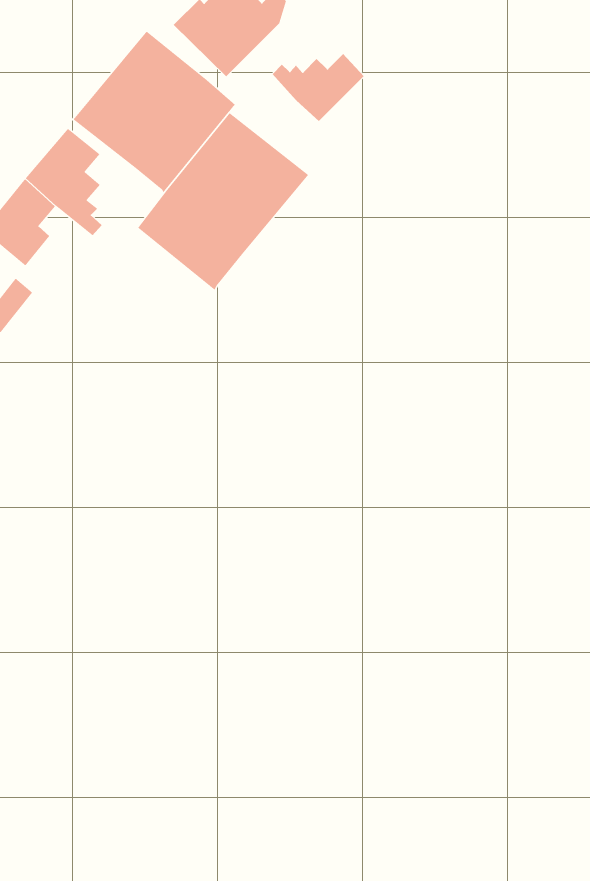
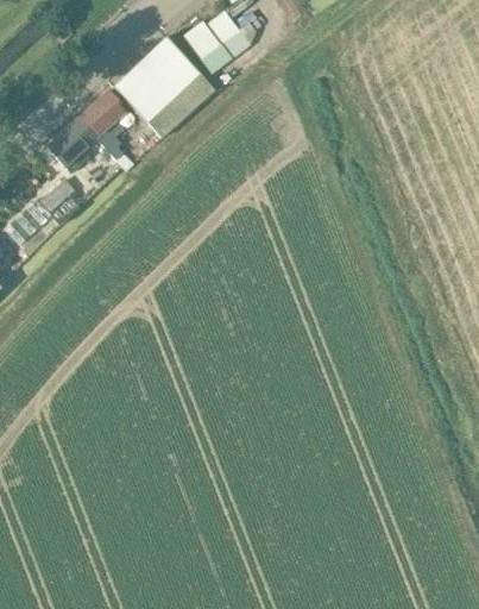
building: [272,53,365,122] -> none
building: [137,112,309,291] -> none

